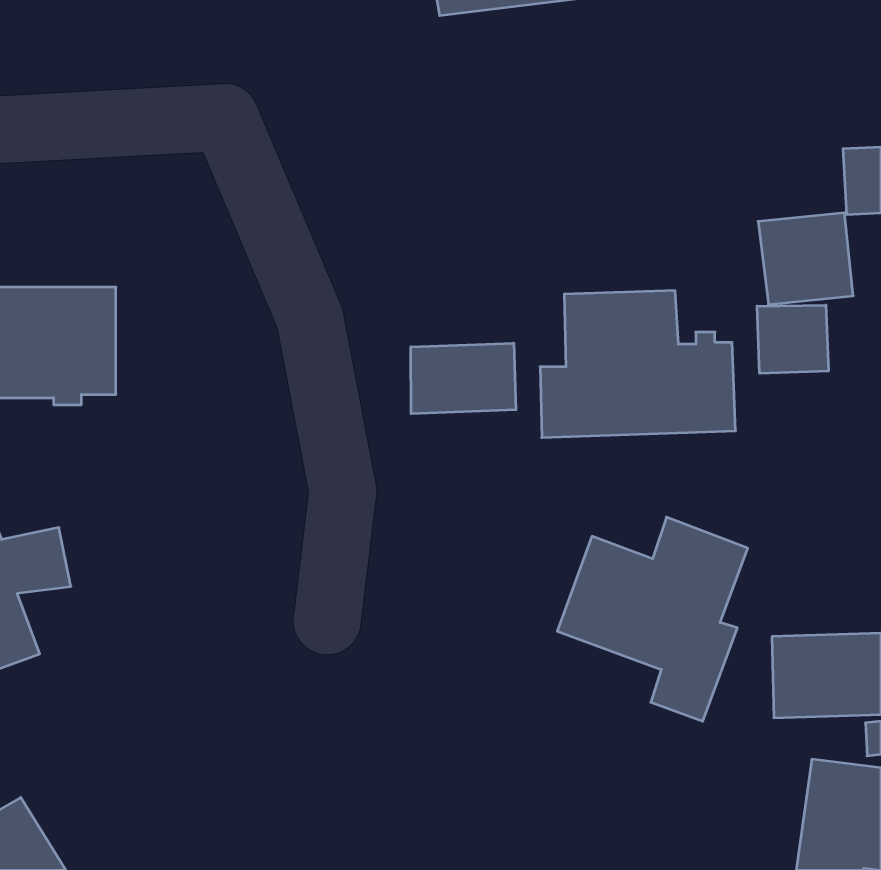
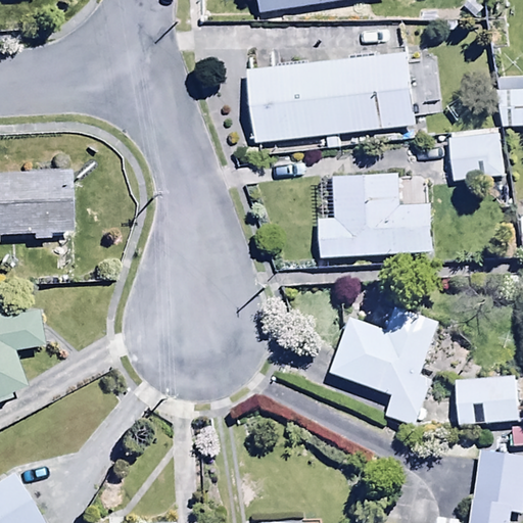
building: none -> [247,50,436,145]
building: [757,305,828,373] -> none
building: [411,343,516,414] -> none

